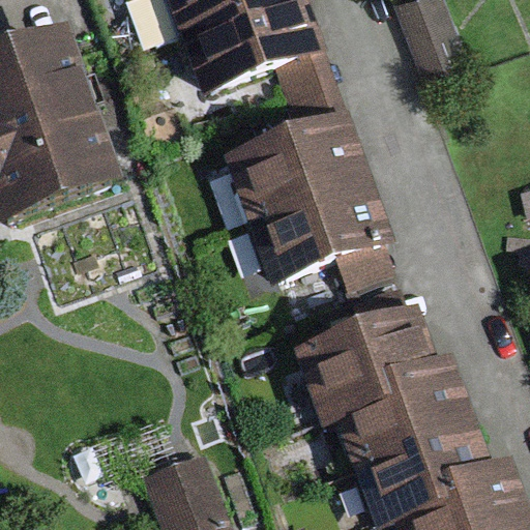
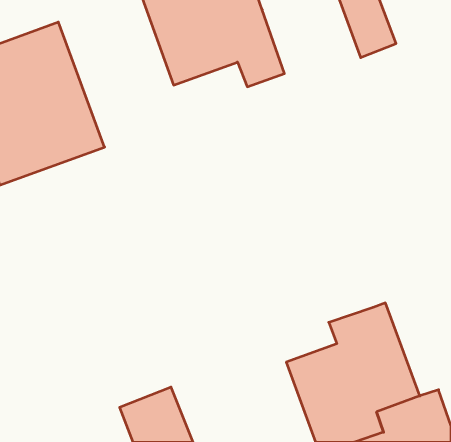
building: [224,86,396,285] -> none
building: [292,306,436,428] -> none

